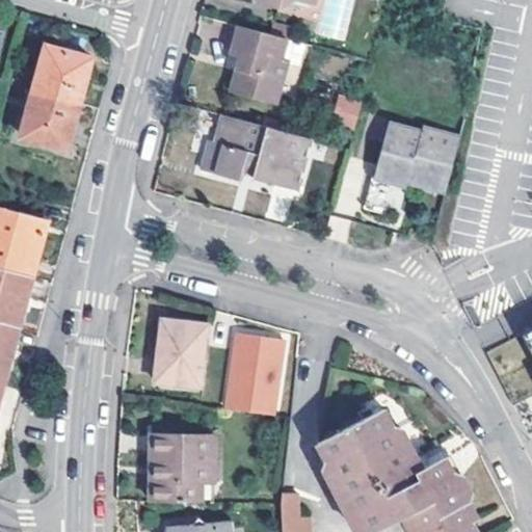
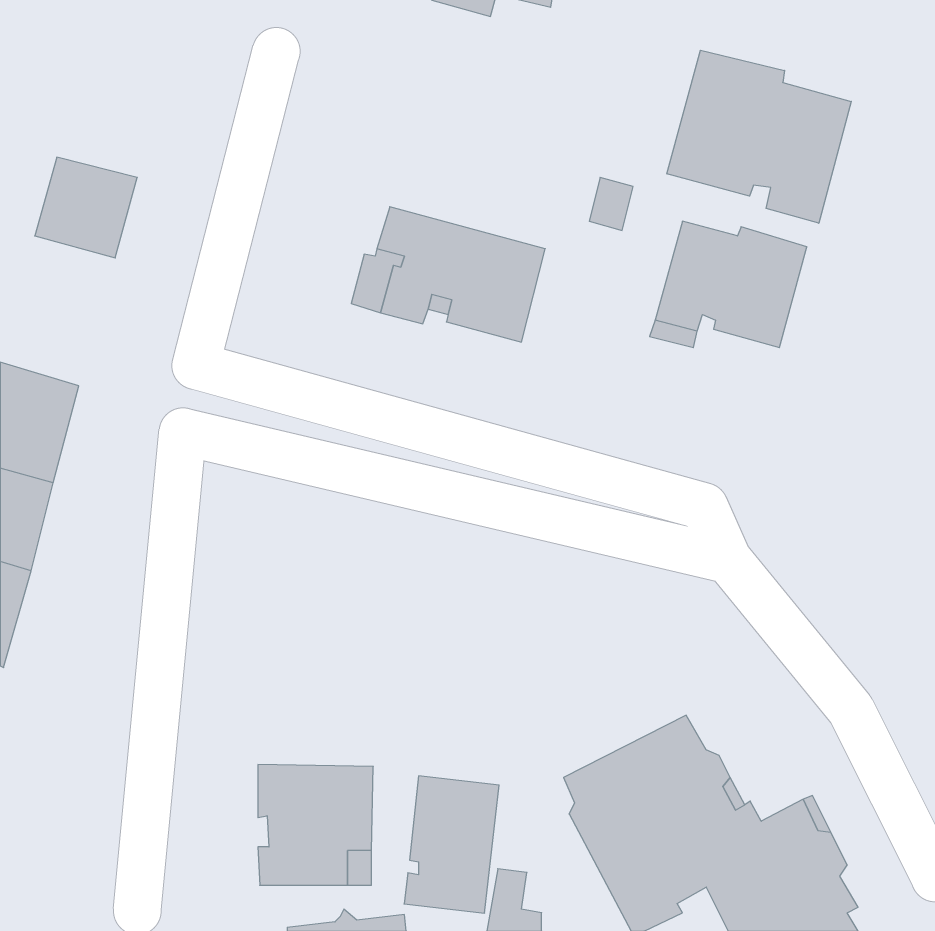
building: none -> [667,50,851,223]
building: [231,29,287,104] -> none
building: [32,44,89,101] -> none
building: [153,318,209,388] -> none
building: [228,337,282,415] -> [404,776,499,913]

